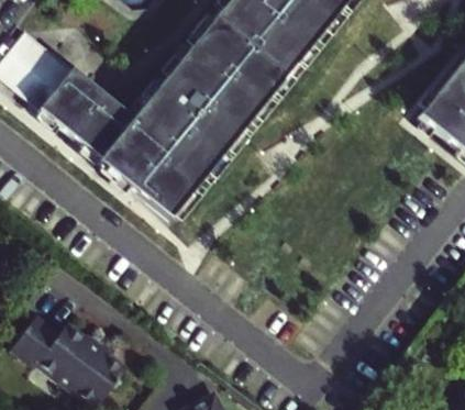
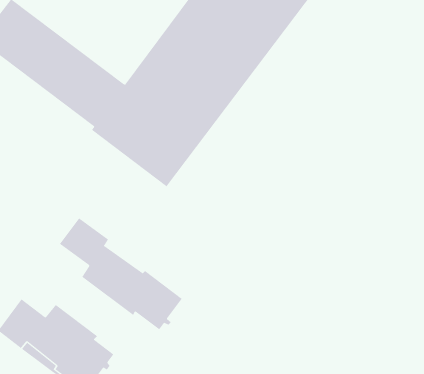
building: none -> [59,217,182,330]

